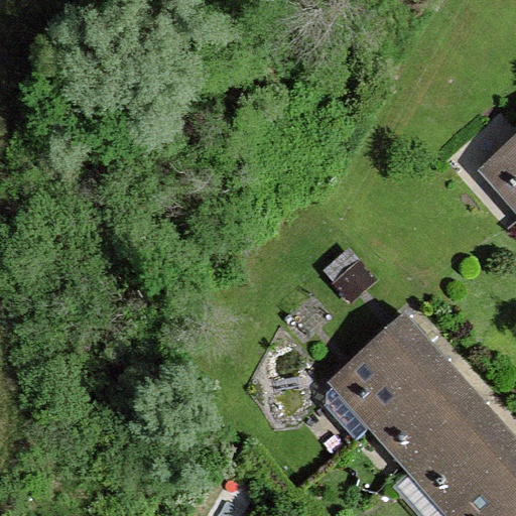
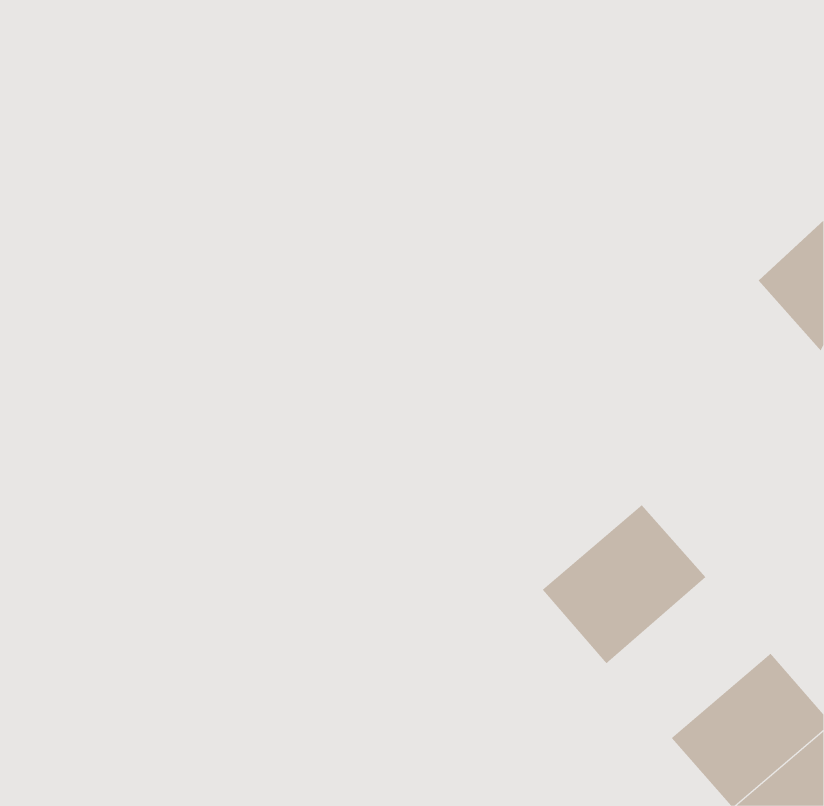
building: [379,361,482,462] -> none

